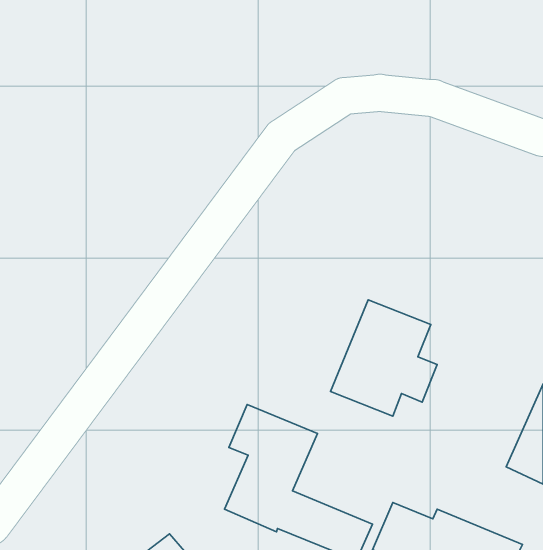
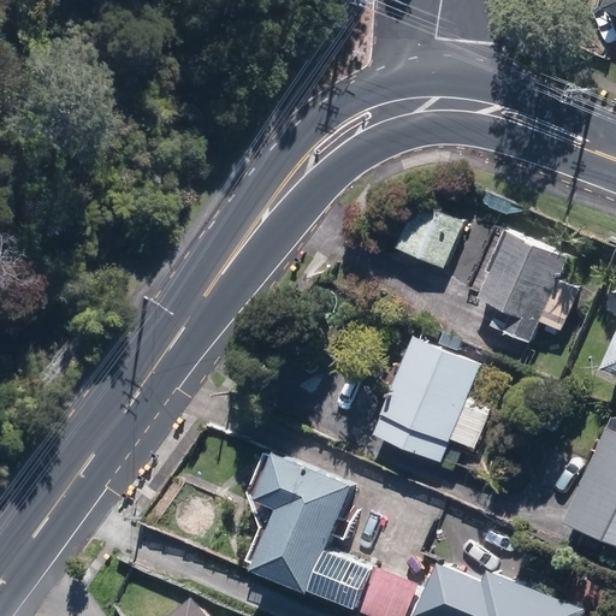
building: none -> [391,201,461,271]
building: none -> [470,230,578,343]

